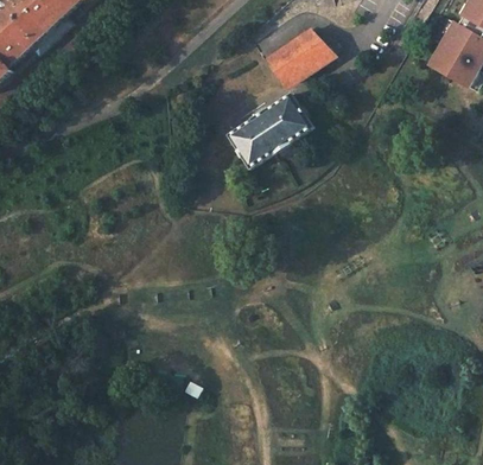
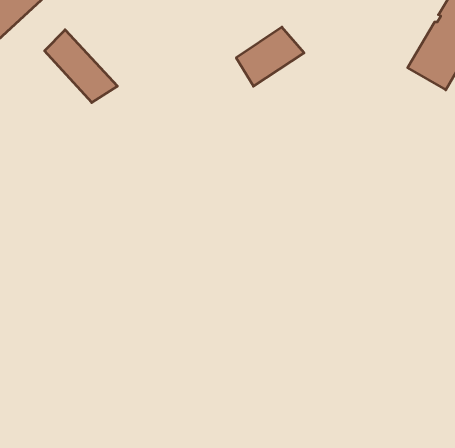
building: none -> [45,30,117,103]
building: [228,94,310,165] -> none

